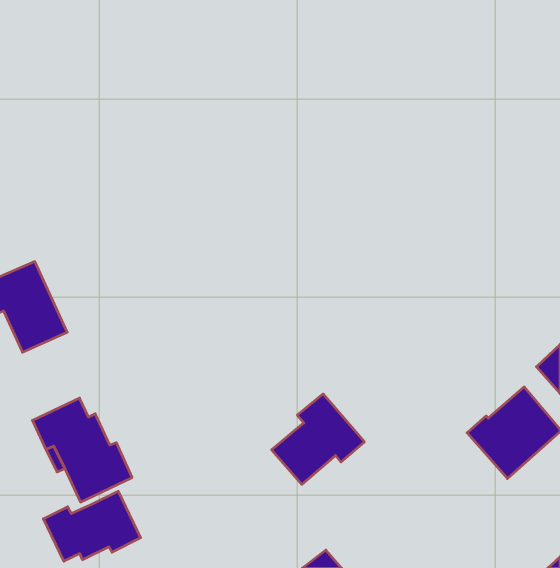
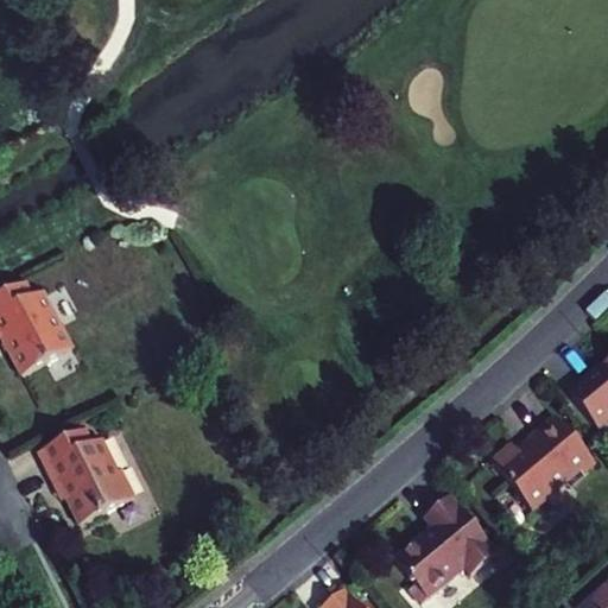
building: [272,394,364,484] -> [395,498,494,594]
building: [43,491,141,561] -> none

